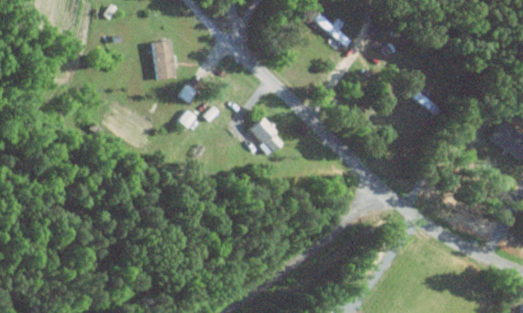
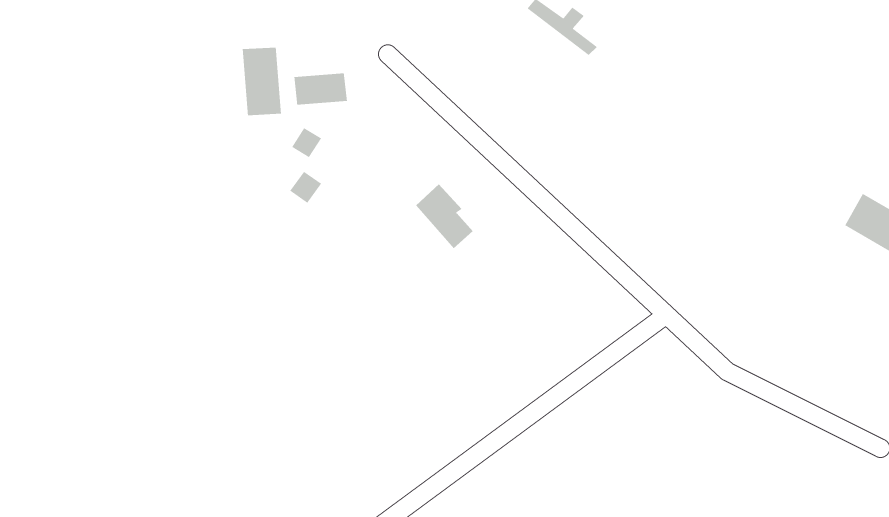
building: none -> [294,72,348,106]

